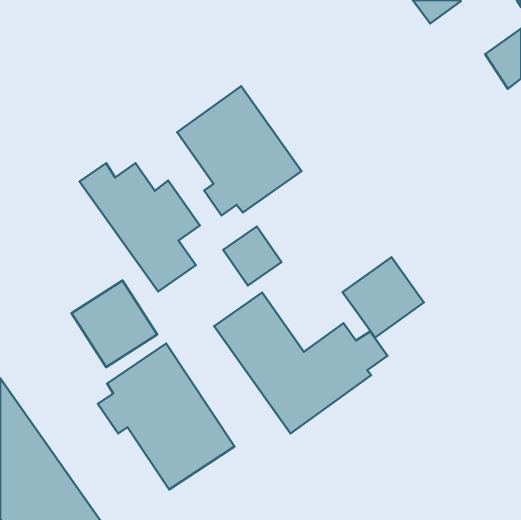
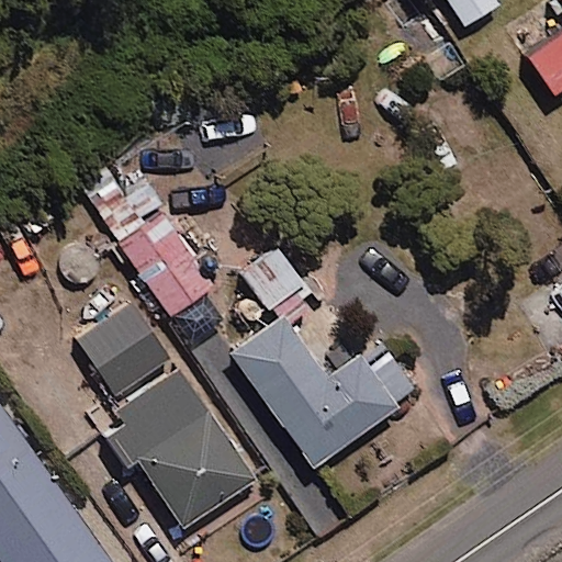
building: [177,86,302,215] -> none
building: [343,257,424,338] -> none

